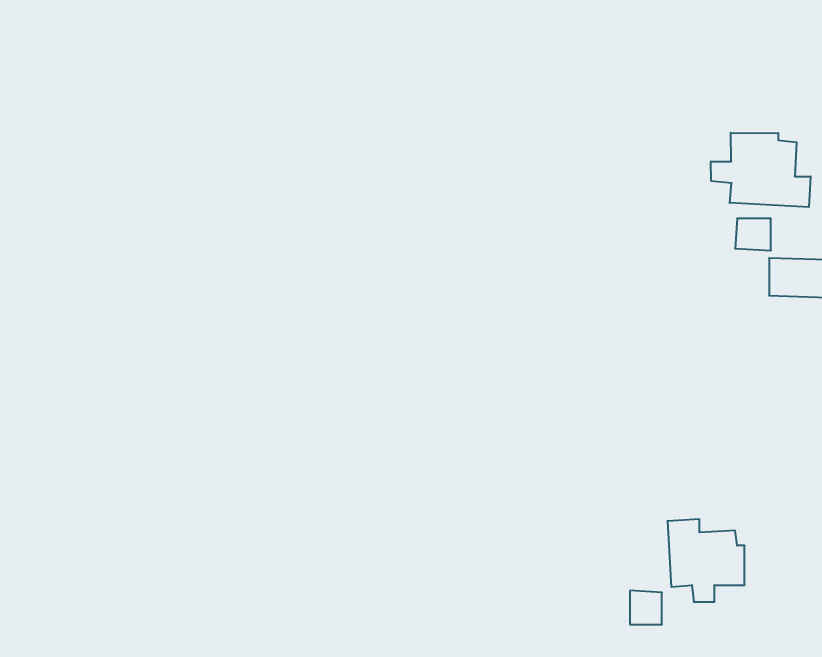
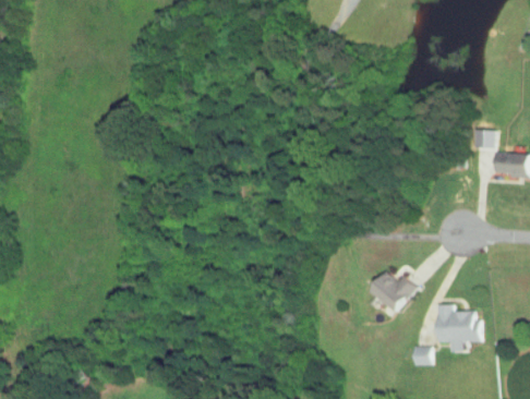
building: [711,133,811,207] -> none
building: none -> [370,273,418,313]

